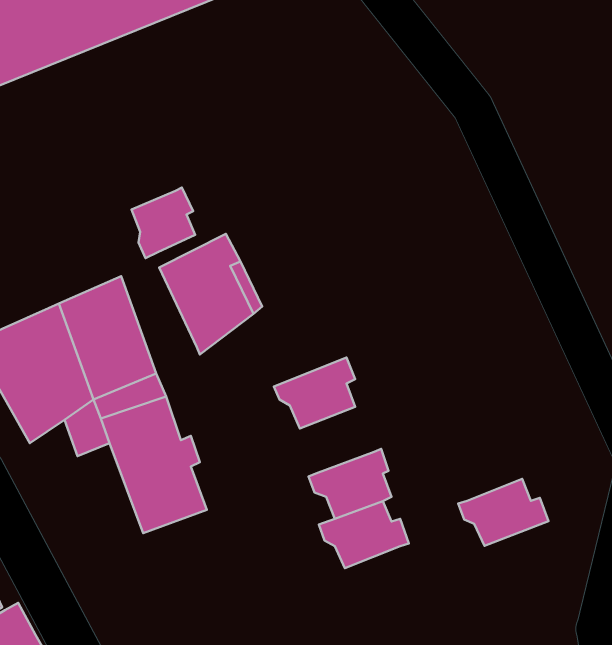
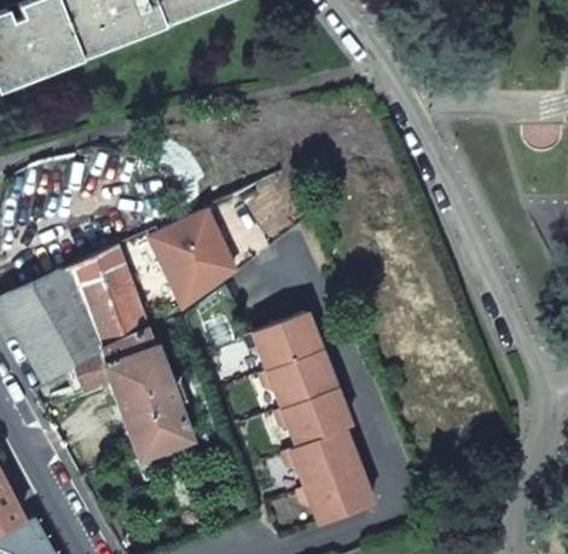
building: [132,188,195,258] -> none
building: none -> [262,351,331,409]
building: [458,479,548,546] -> [300,469,375,525]

